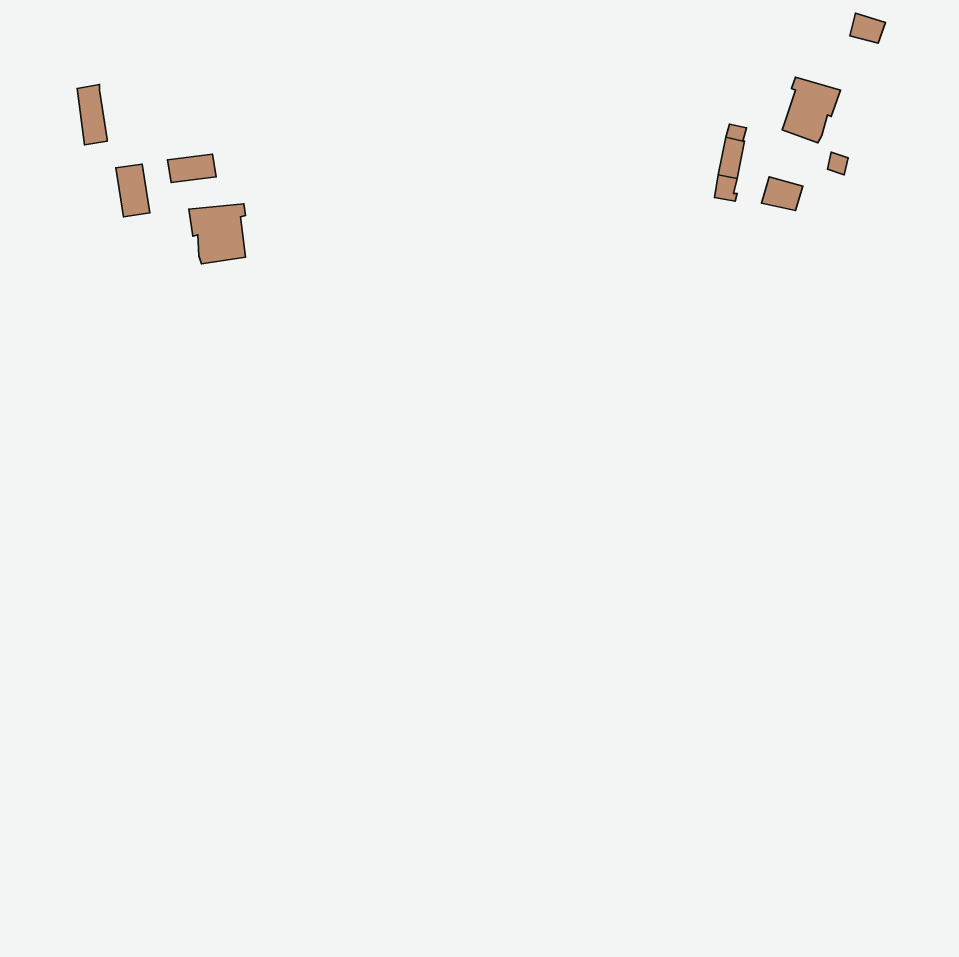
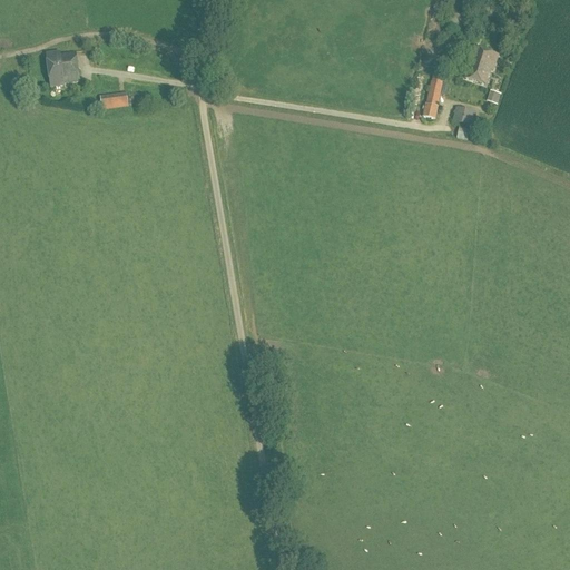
building: [116,164,150,217] -> [59,51,79,82]
building: [189,204,246,264] -> none

